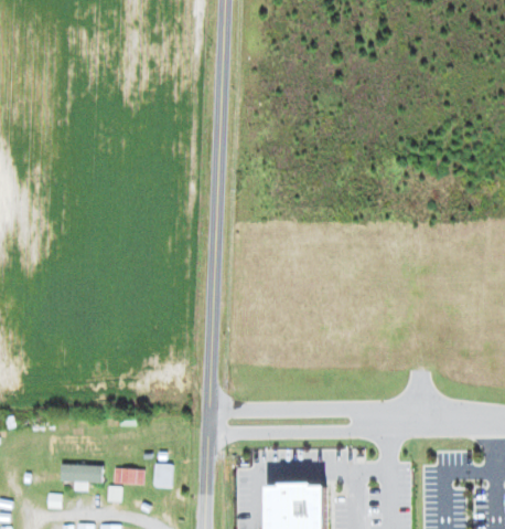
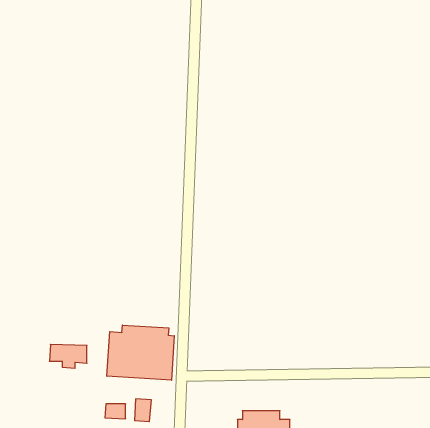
building: none -> [107,325,174,380]
building: [57,464,99,490] -> [49,344,87,368]

